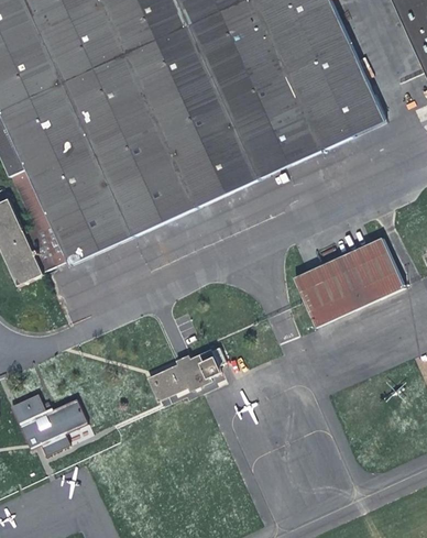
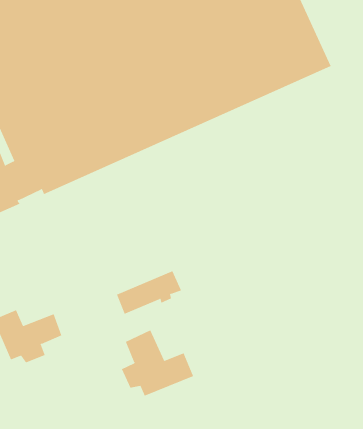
building: [288,239,398,329] -> none
building: none -> [121,330,194,396]

